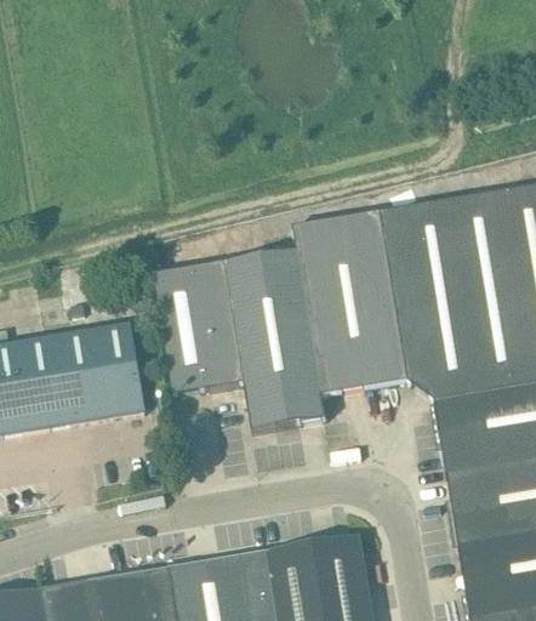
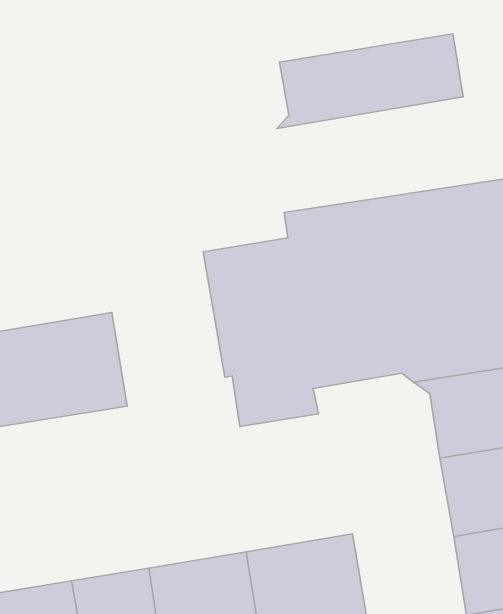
building: none -> [277,34,463,129]
building: [152,263,238,394] -> none

